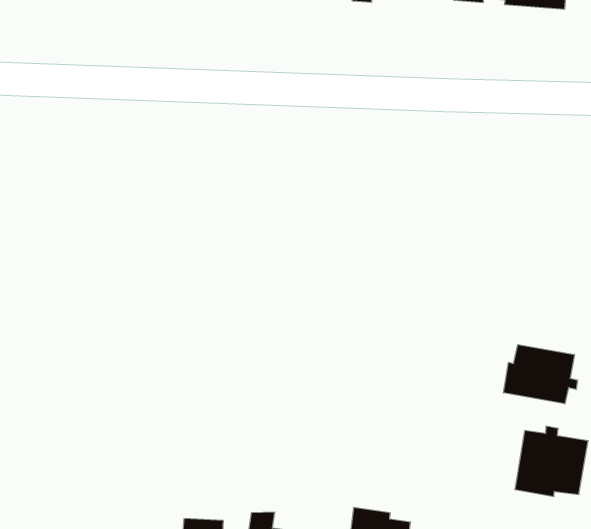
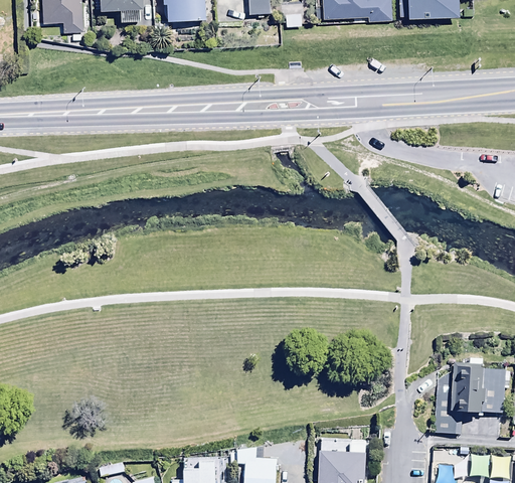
building: [503,345,578,404] -> none

